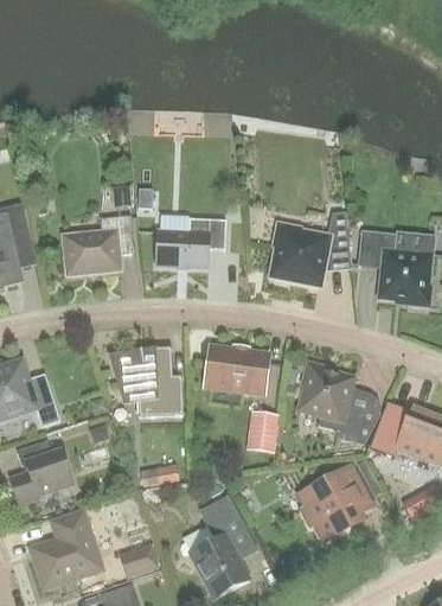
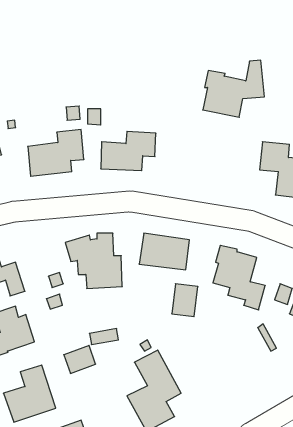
building: [271,211,350,283] -> [203,60,264,117]
building: [301,467,370,540] -> none
building: [117,543,158,579] -> [64,345,96,373]

